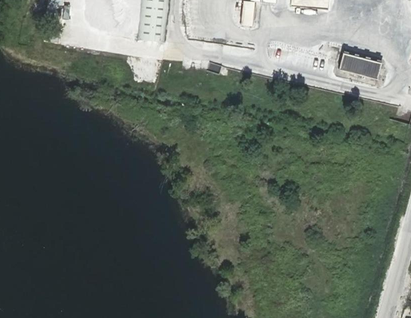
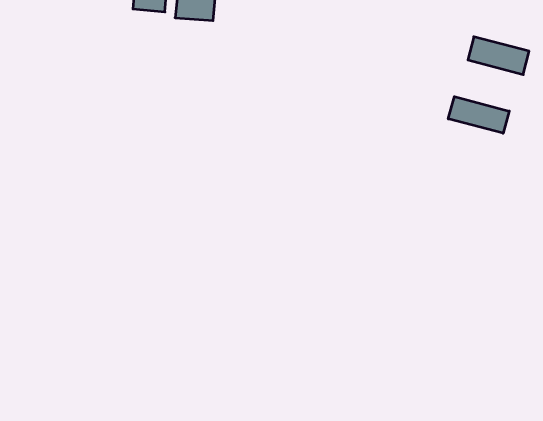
building: none -> [448,97,509,133]

